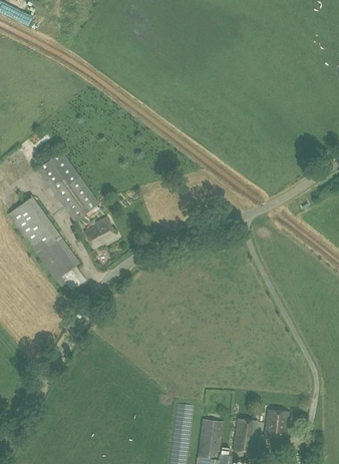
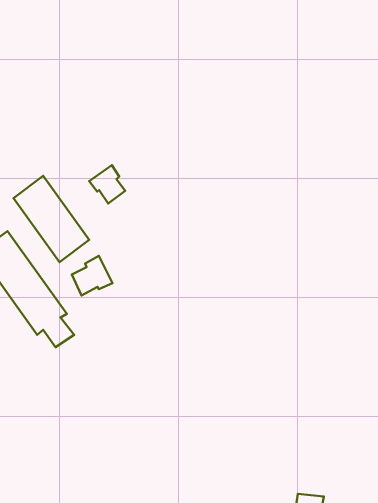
building: none -> [89,165,125,203]

